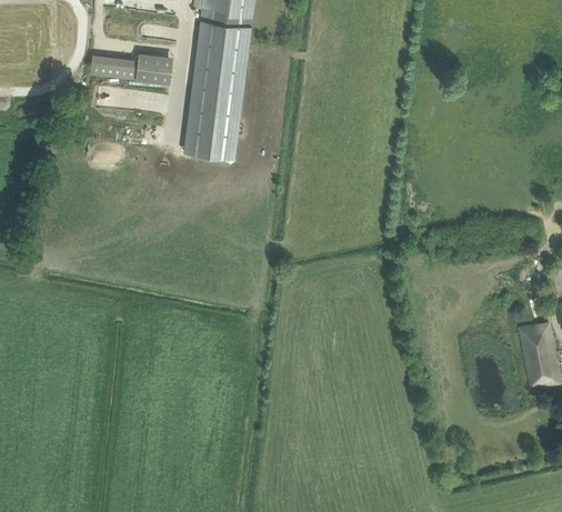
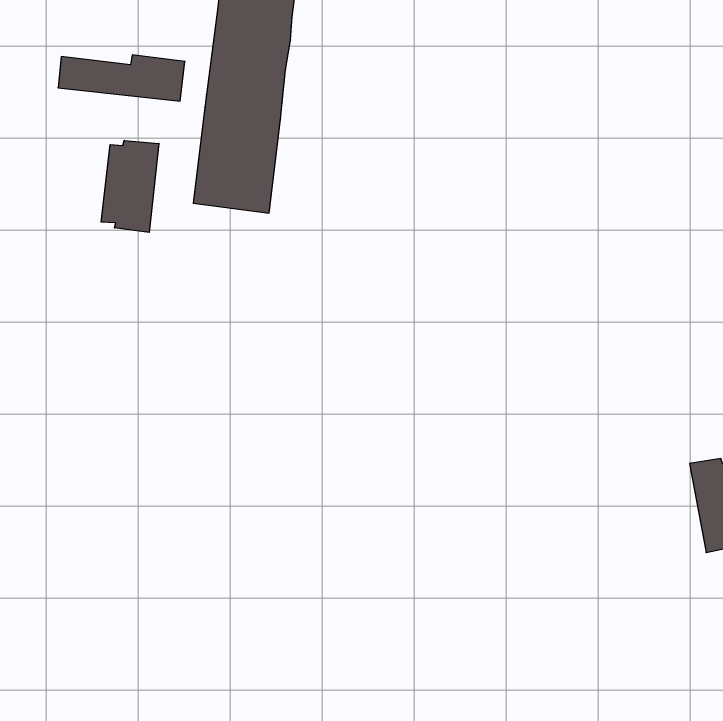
building: none -> [101,140,159,232]

